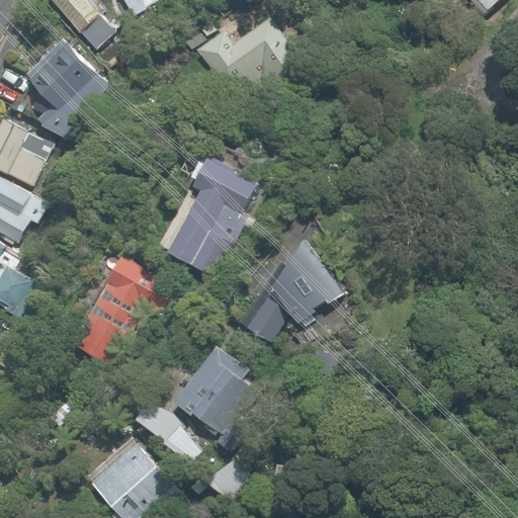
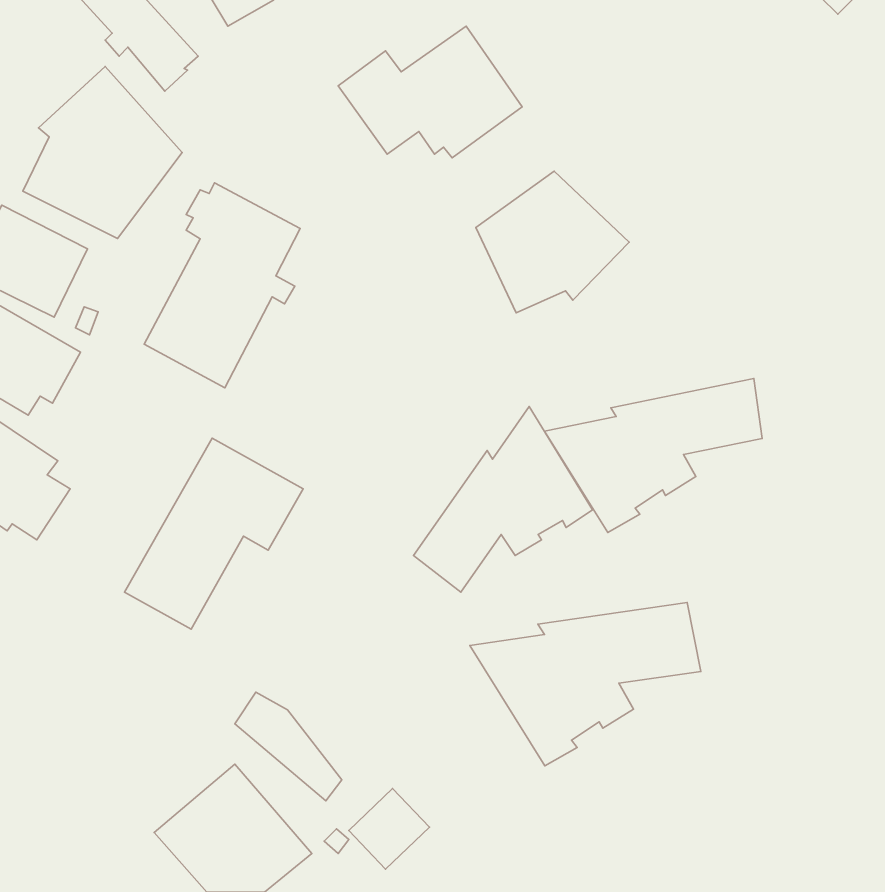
building: none -> [476,171,629,313]
building: [166,157,256,275] -> [144,183,300,388]
building: none -> [545,379,762,533]
building: [172,344,252,445] -> none
building: none -> [470,602,701,766]

